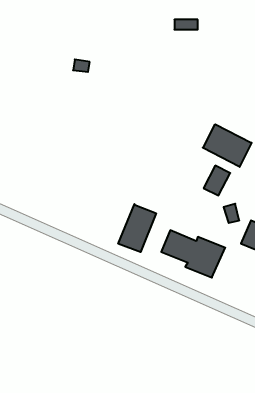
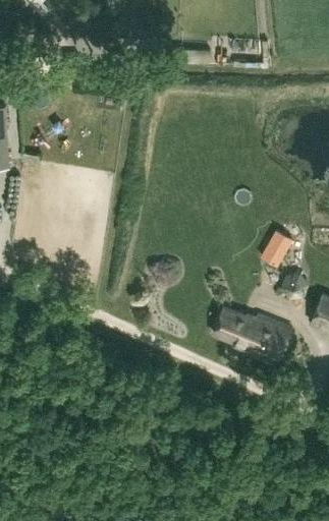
building: [203,124,252,167] -> none
building: [118,204,156,252] -> none

